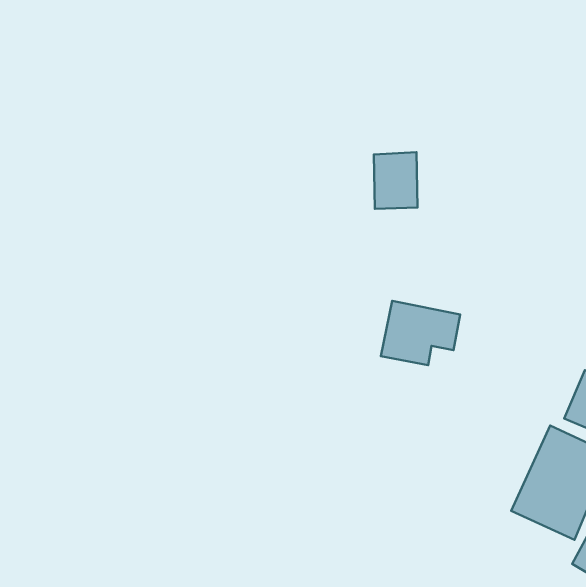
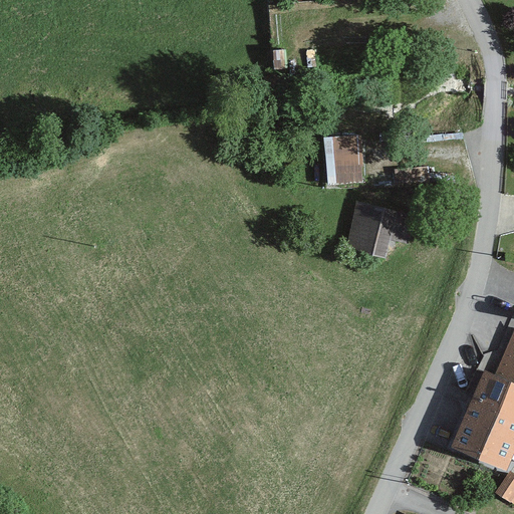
building: [381,301,460,365] -> [347,201,417,257]

